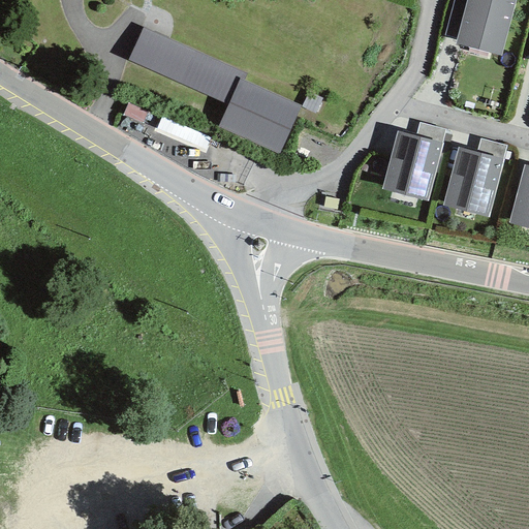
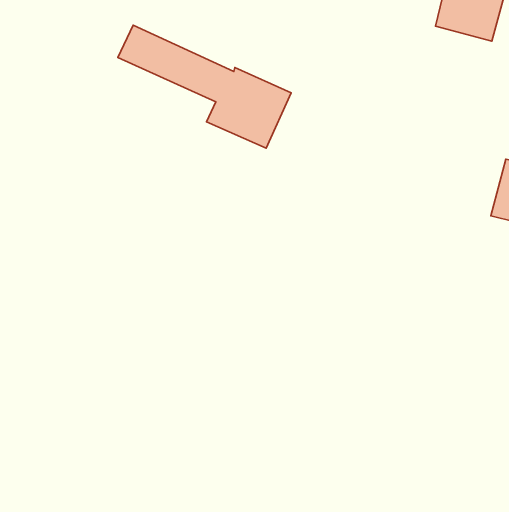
building: [381,129,443,203] -> none
building: [442,147,504,218] -> none

